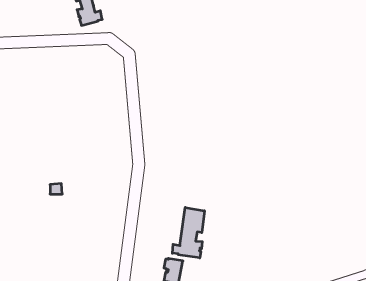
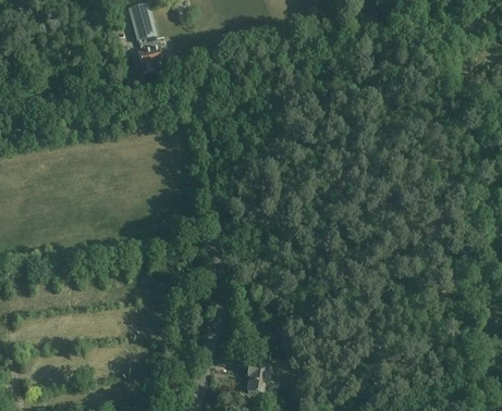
building: [172,207,204,258] -> none

